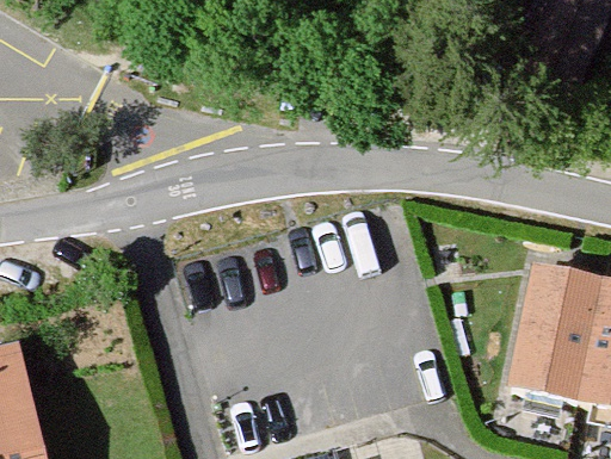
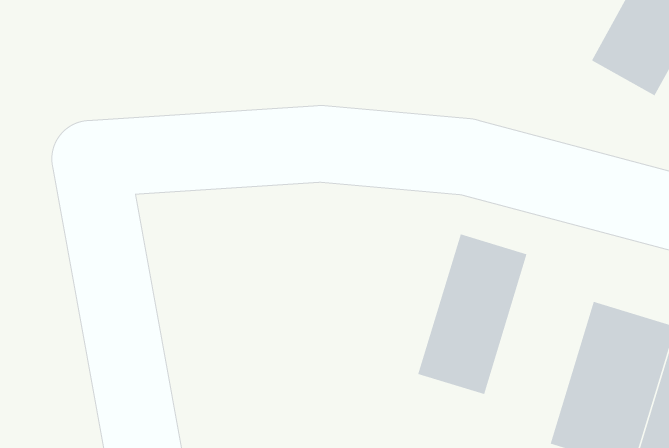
building: none -> [418,233,527,395]

